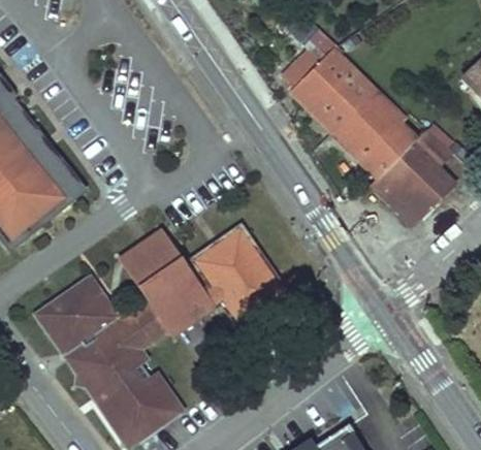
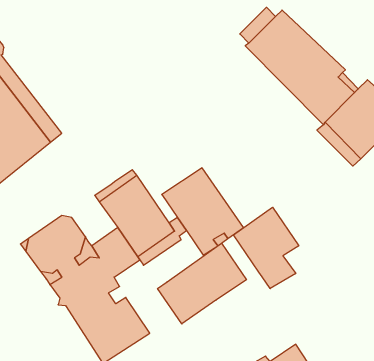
building: none -> [233,207,299,289]
building: none -> [158,243,246,324]

